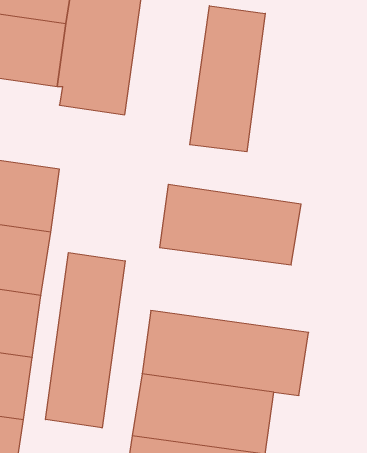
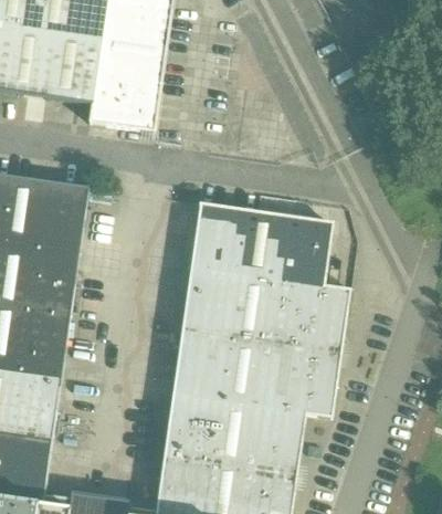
building: [190,6,265,152] -> none
building: none -> [180,266,349,353]
building: [46,253,125,428] -> none

